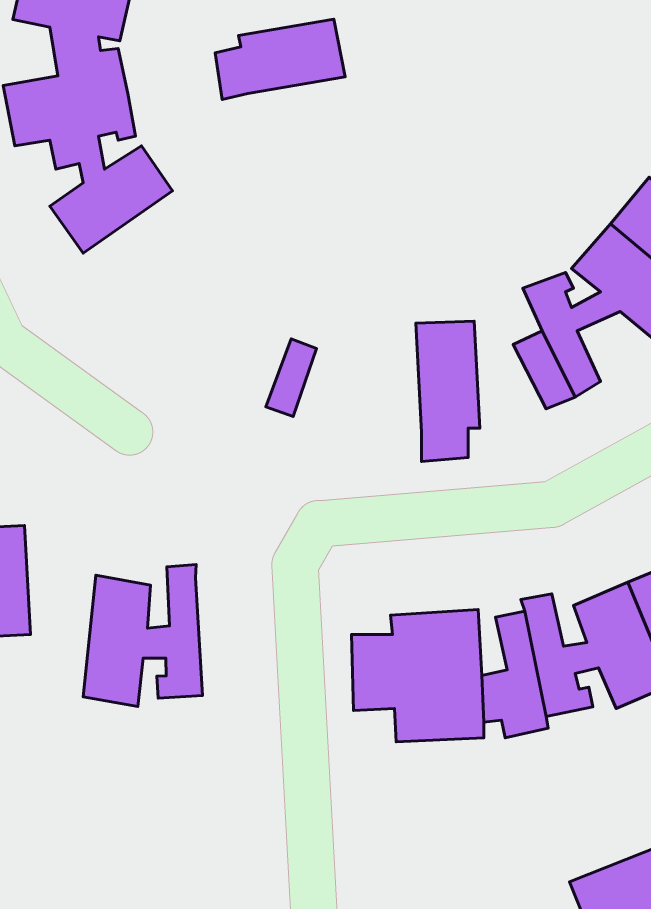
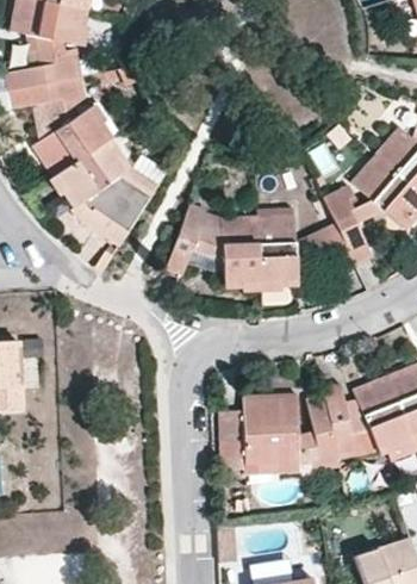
building: [215,19,345,100] -> none
building: none -> [54,136,157,244]
building: none -> [220,217,261,285]
building: [83,564,202,707] -> none

